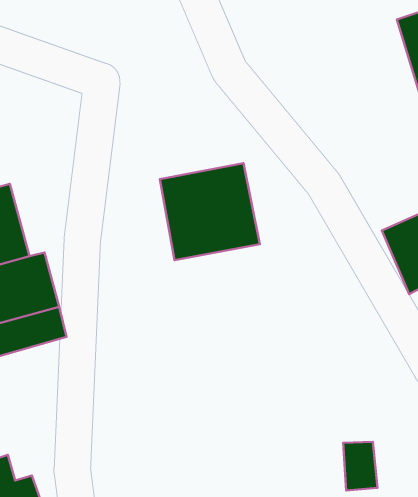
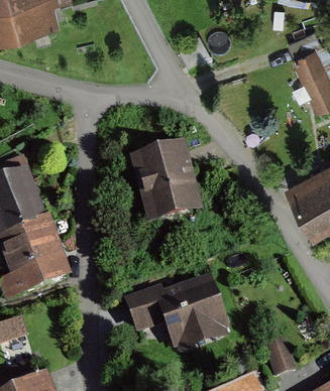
building: none -> [122,278,232,347]

